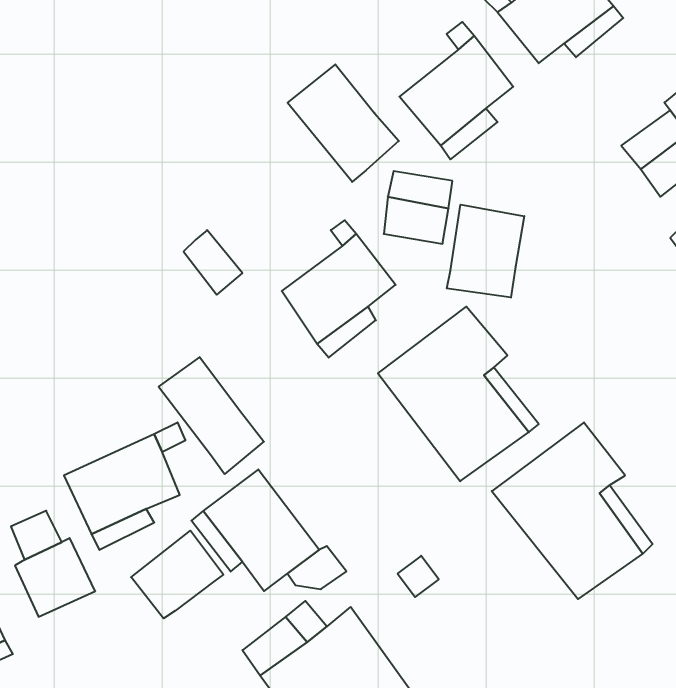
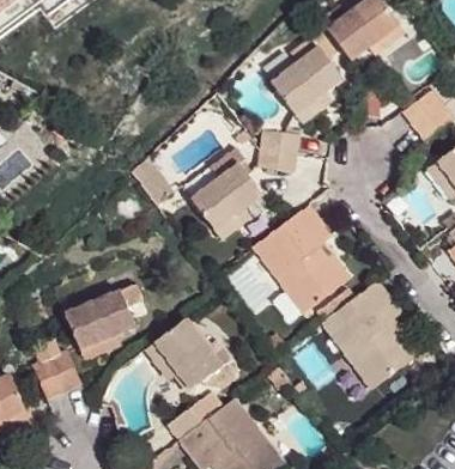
building: [288,64,399,182] -> none
building: [447,205,524,298] -> none
building: [159,357,264,474] -> none
building: [131,531,223,618] -> none

